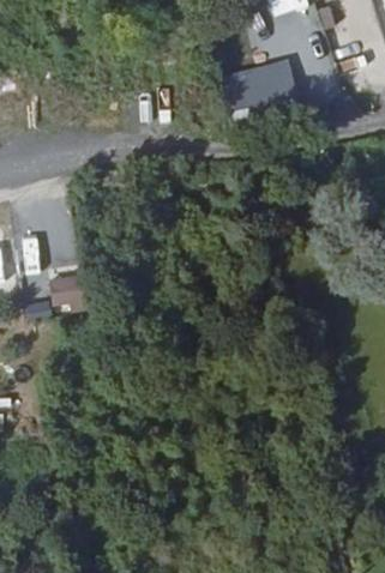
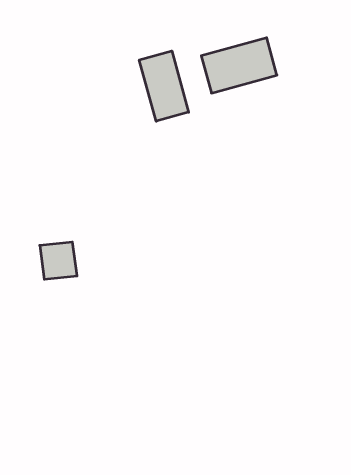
building: none -> [139,51,189,121]

